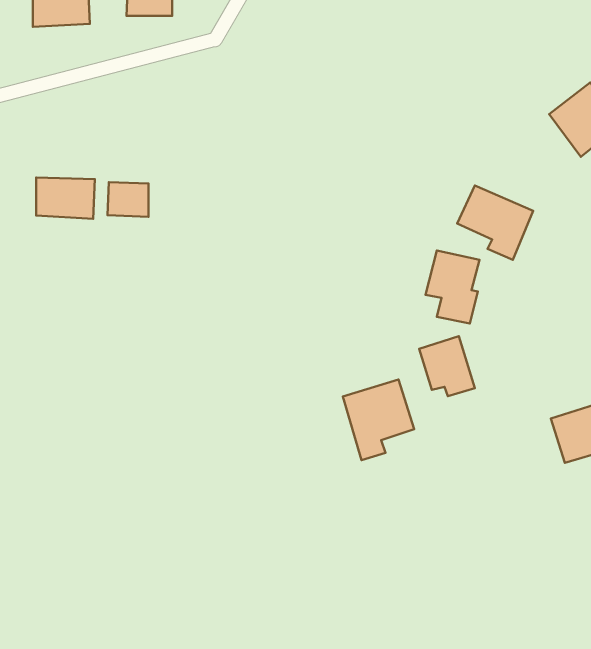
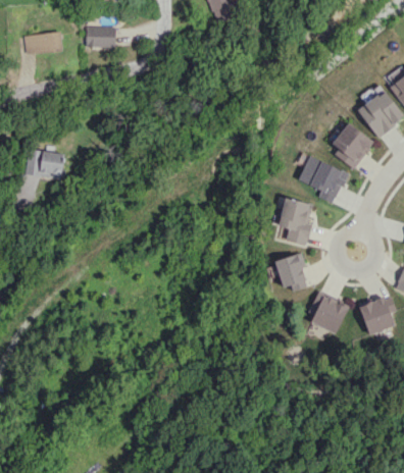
building: none -> [333,123,373,169]
building: [107,182,149,217] -> none
building: [343,379,414,460] -> none
building: none -> [306,292,348,334]

